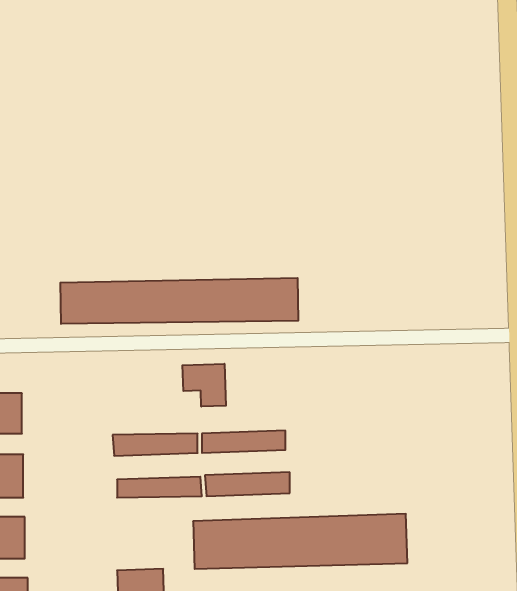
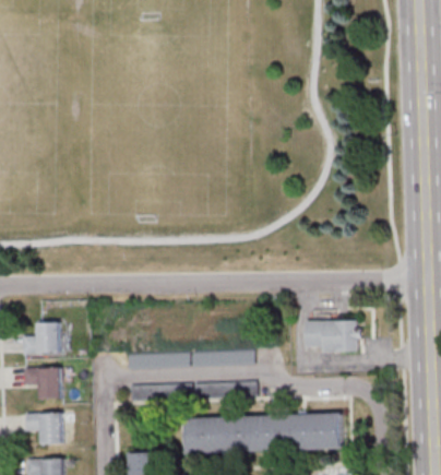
building: [60,278,298,324] -> none
building: [182,364,226,407] -> none
building: none -> [307,320,359,353]

